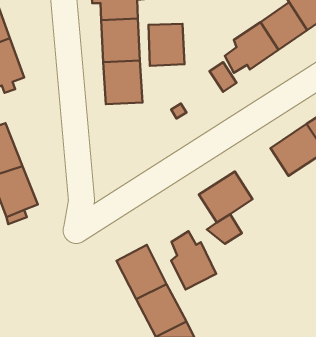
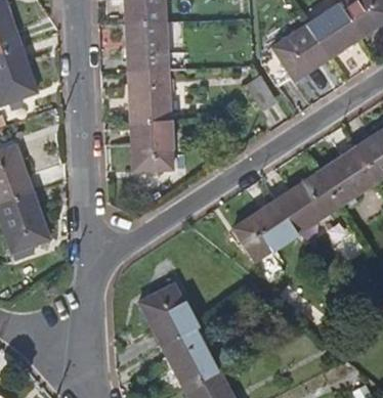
building: [148,24,185,66] -> none
building: none -> [129,119,173,170]
building: none -> [276,171,338,229]
building: [171,231,216,289] -> none

